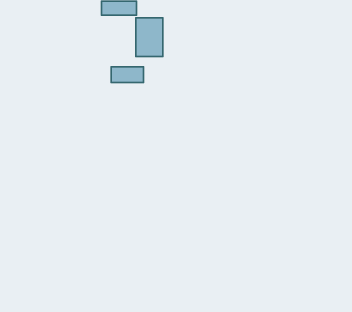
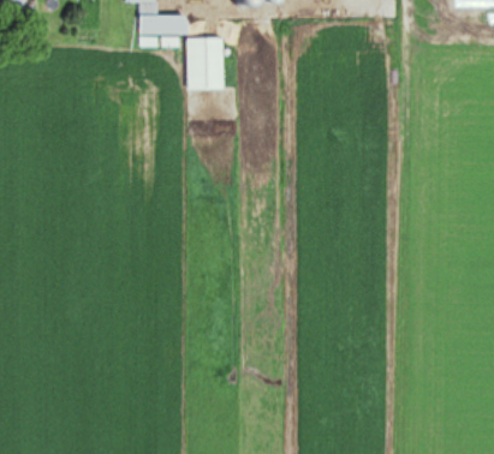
building: [111,67,143,83] -> none

